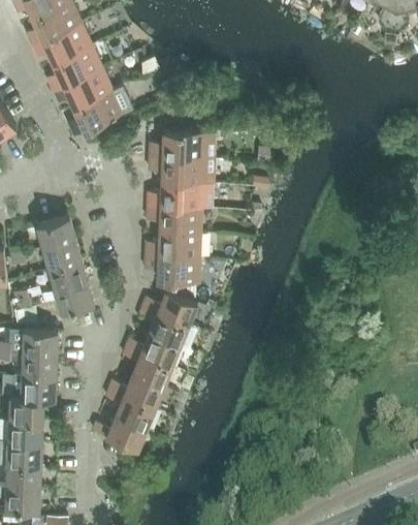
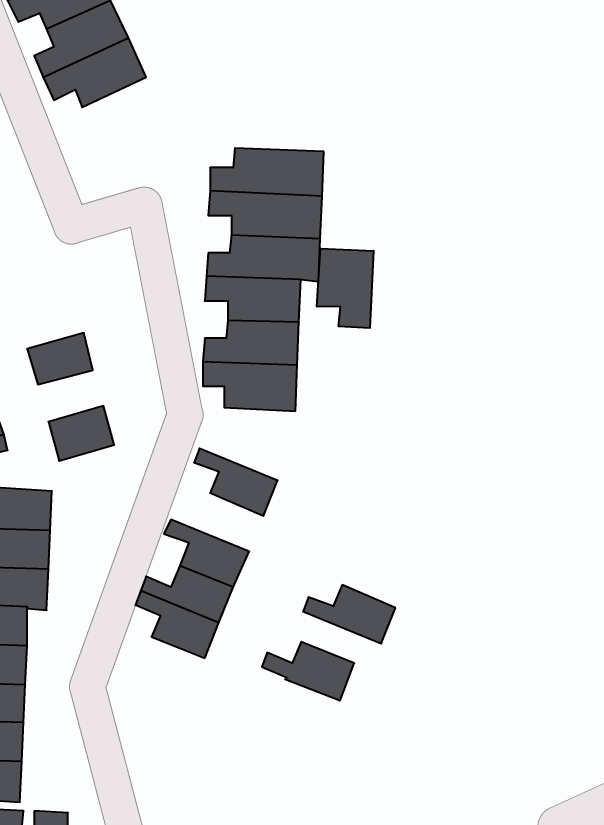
building: [68,89,124,135] -> none
building: none -> [317,248,374,328]
building: [37,215,76,247] -> none
building: [50,259,88,289] -> none
building: [143,288,198,323] -> none
building: [127,331,181,365] -> [303,585,395,644]
building: [93,414,147,449] -> [262,642,354,701]

